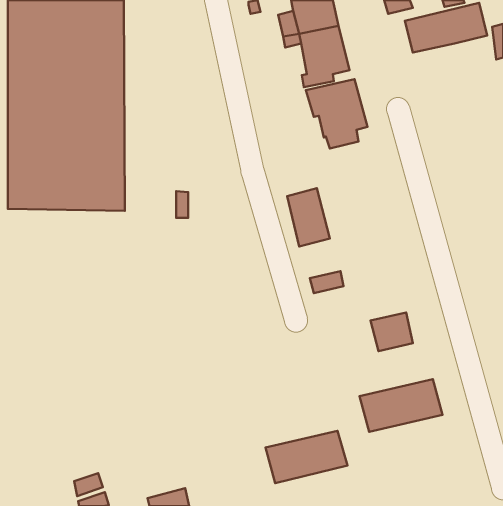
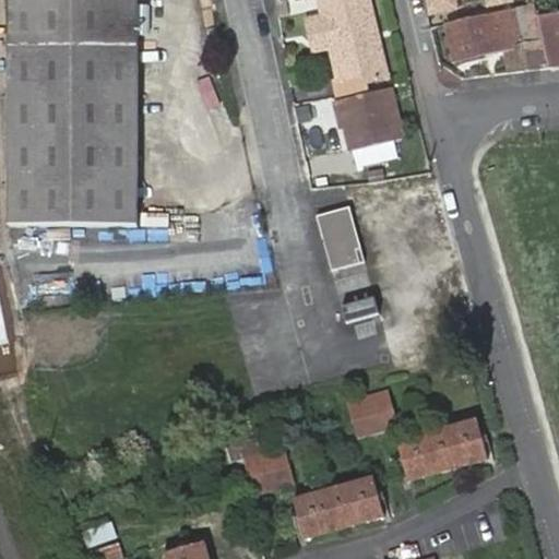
building: none -> [501,39,545,71]
building: [370,313,413,351] -> [347,391,394,433]
building: none -> [222,435,290,490]

